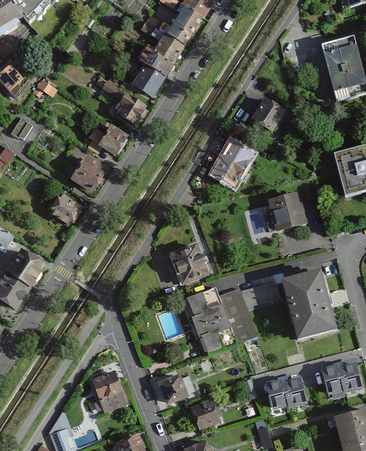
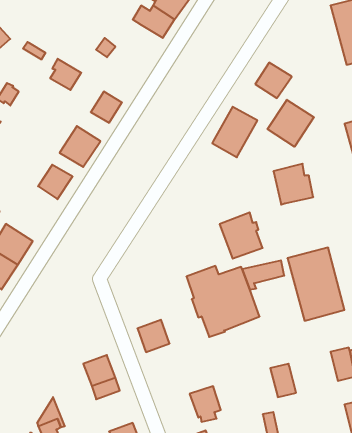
building: [132,63,165,96] -> none
building: [117,93,146,122] -> [50,59,81,90]
building: none -> [268,100,314,147]
building: [169,245,209,288] -> [220,212,263,259]
building: [157,373,187,403] -> [137,320,170,352]
building: [283,377,306,406] -> none

